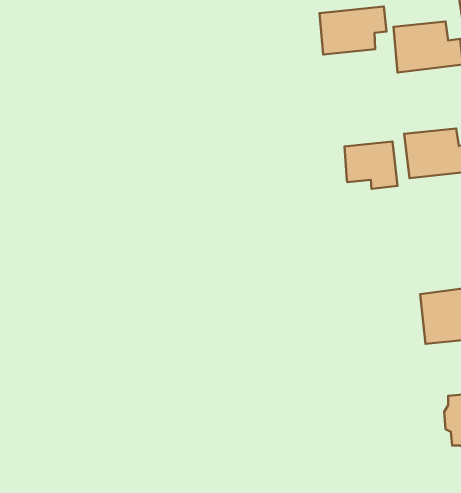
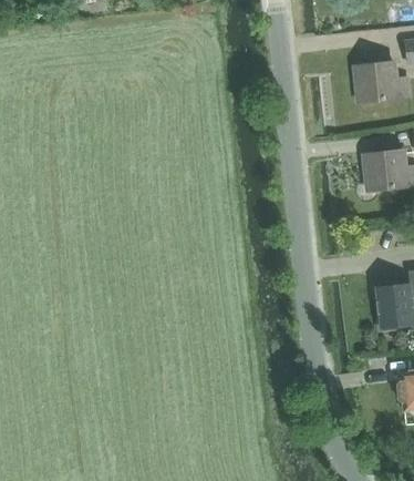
building: [320,7,387,55] -> none
building: [344,141,398,189] -> none

